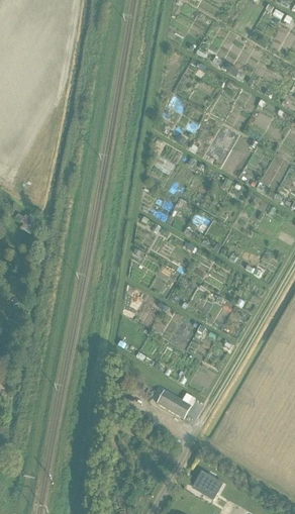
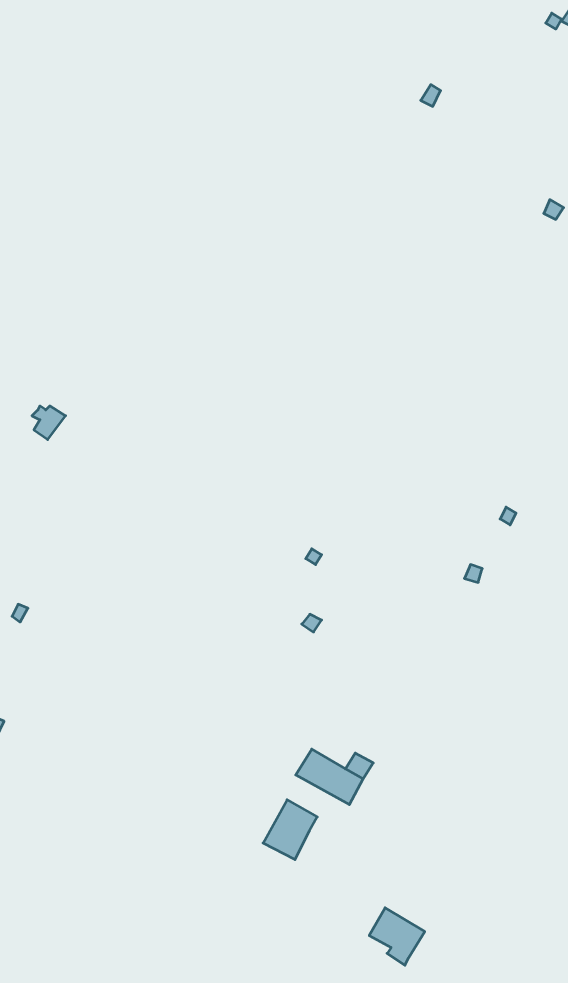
building: none -> [263,800,317,860]

